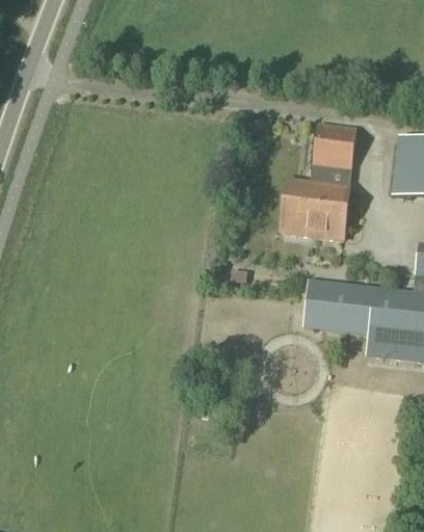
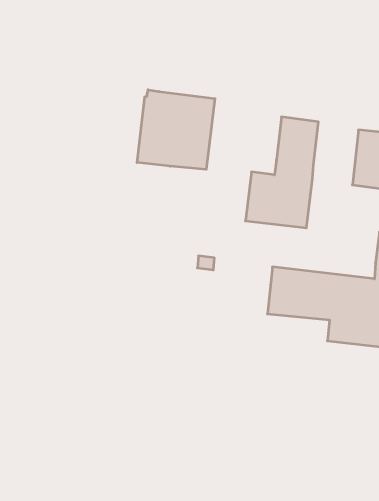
building: none -> [137,90,215,169]

